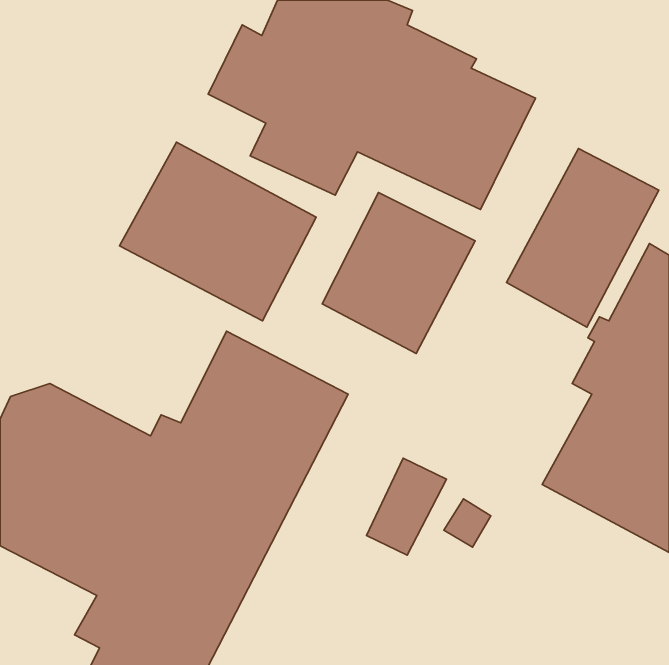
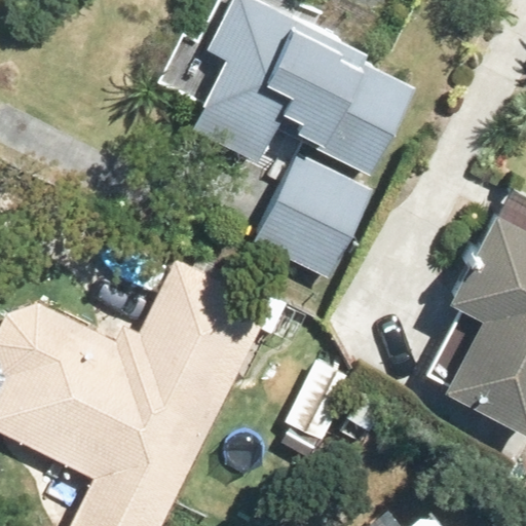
building: [119,142,316,321] -> none
building: [507,149,659,327] -> none

